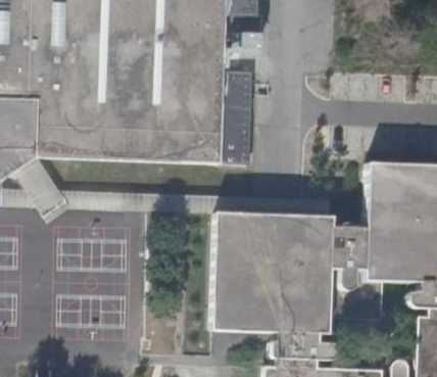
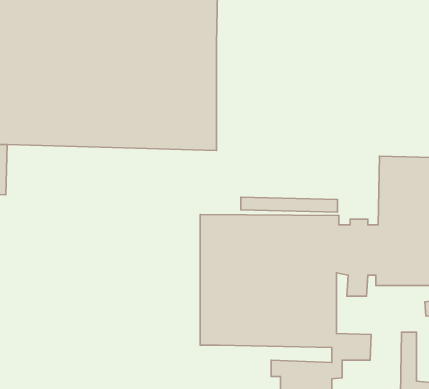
building: [224,65,255,158] -> none

